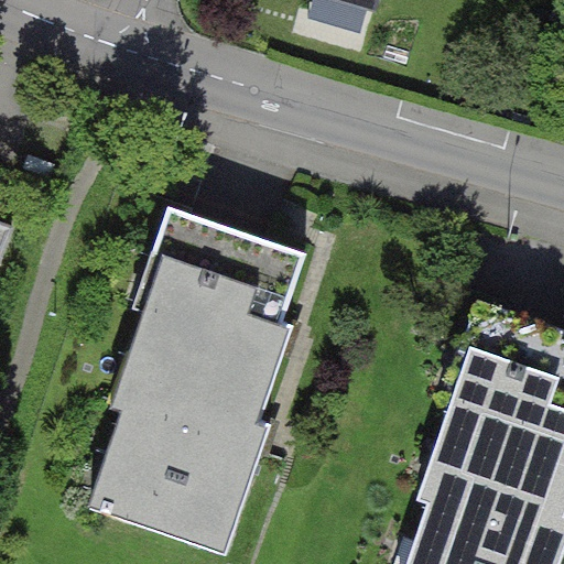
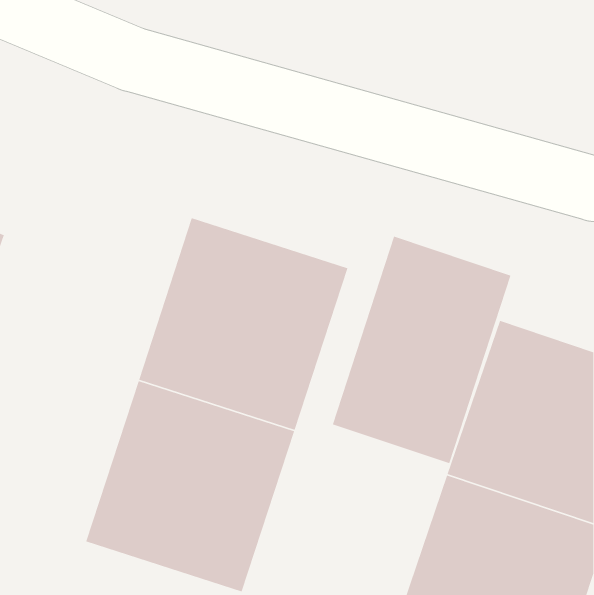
building: none -> [332,236,512,464]

